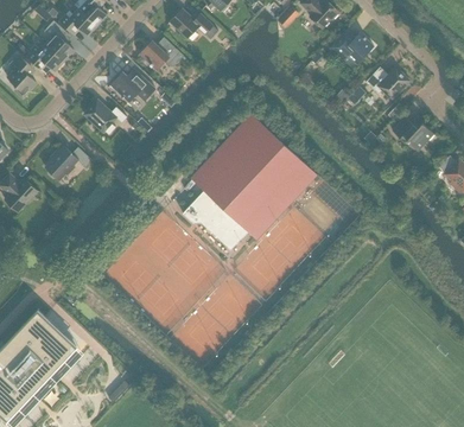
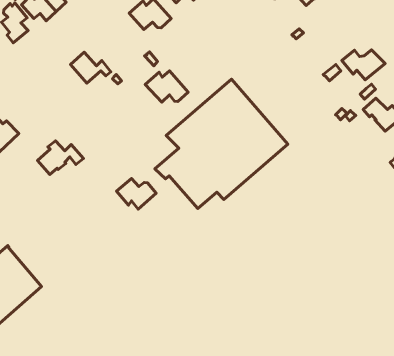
building: [329,24,373,63] -> none
building: [109,68,154,101] -> [145,71,188,102]
building: [44,144,91,179] -> [37,141,83,174]
building: none -> [117,178,156,209]

